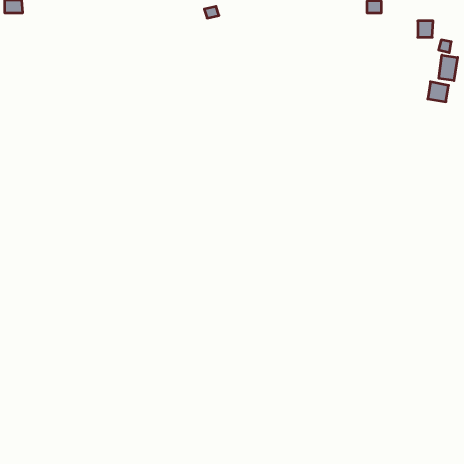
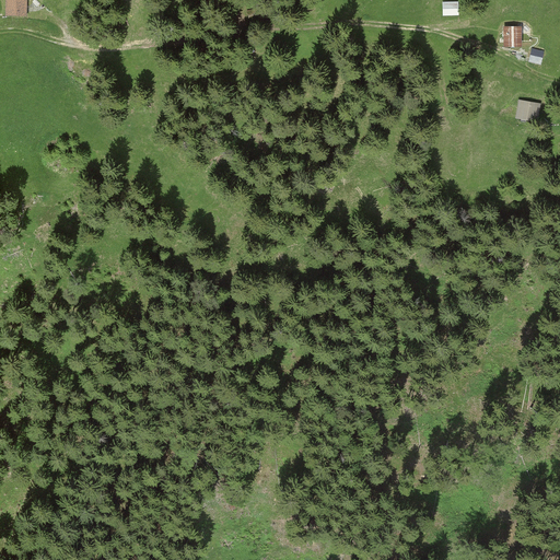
building: [439,55,458,81] -> none

